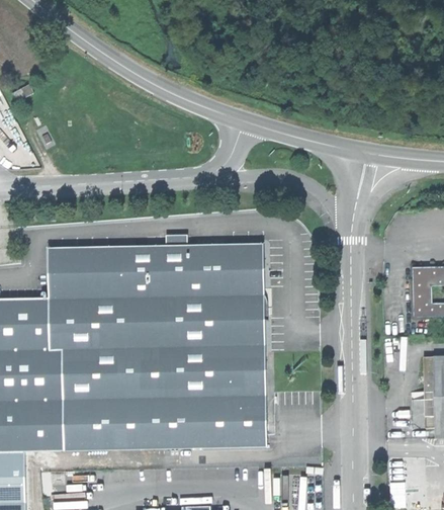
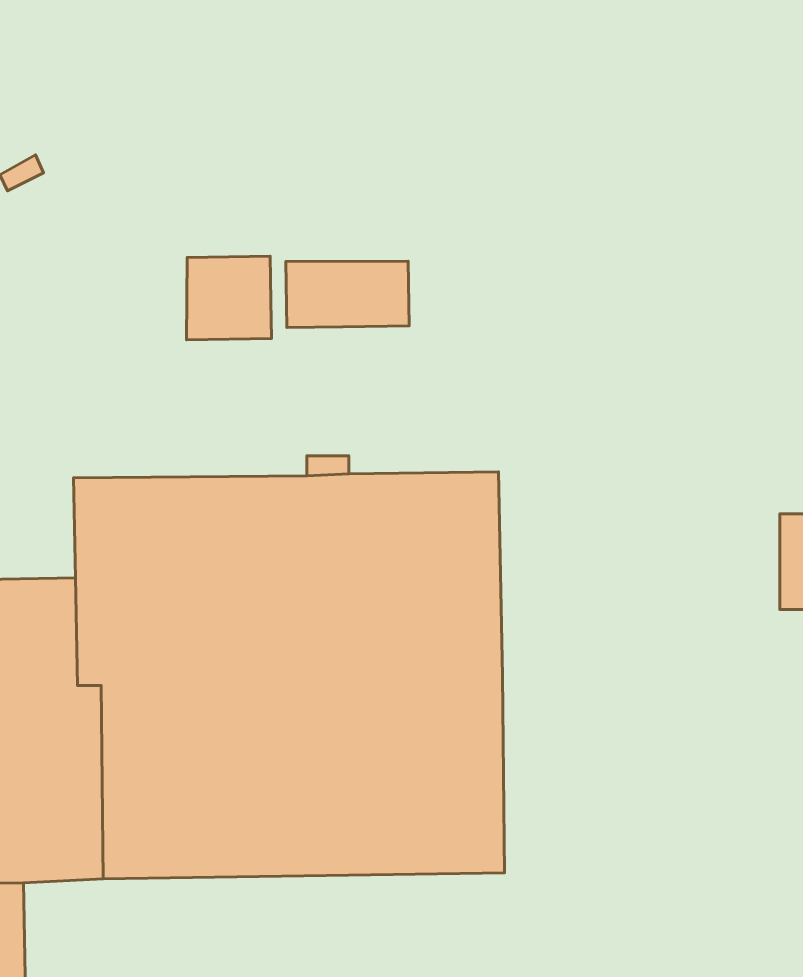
building: none -> [187,256,271,340]
building: none -> [286,261,409,328]

